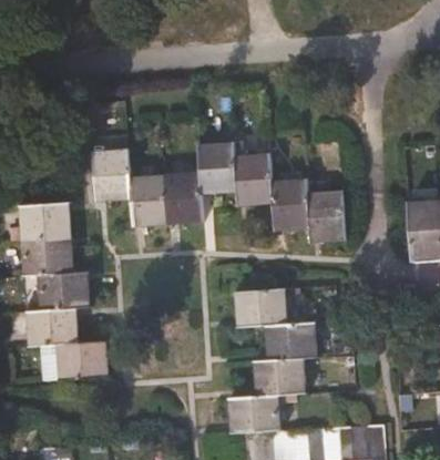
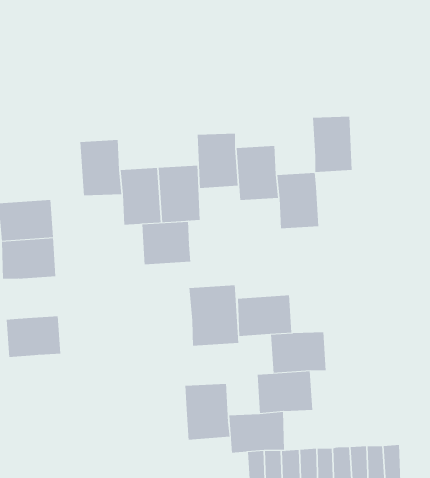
building: [307,191,344,242] -> [312,116,353,173]
building: none -> [142,221,191,265]
building: [37,272,89,310] -> none
building: none -> [189,284,239,347]
building: [55,341,105,379] -> none
building: none -> [185,383,230,440]

